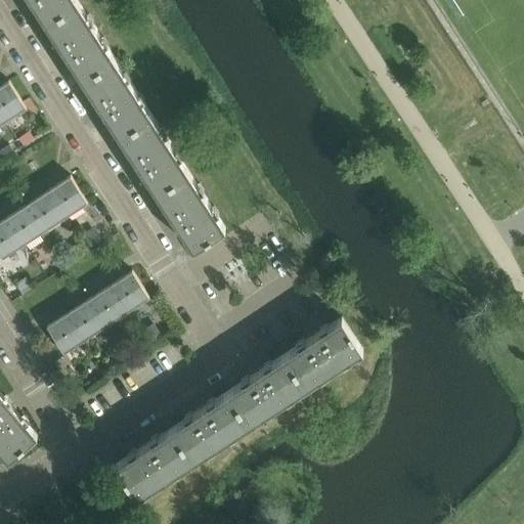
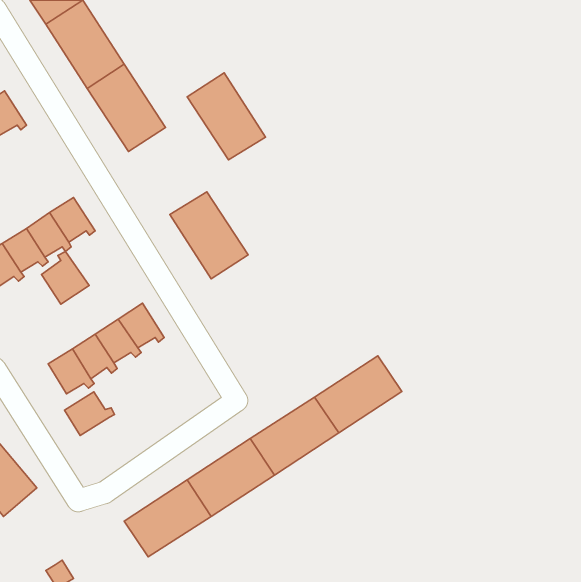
building: [115,118,184,195] -> [187,73,265,160]
building: none -> [42,251,89,304]
building: none -> [64,392,114,435]

